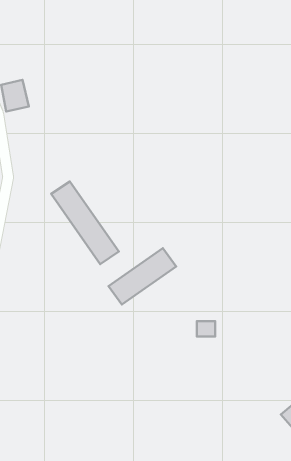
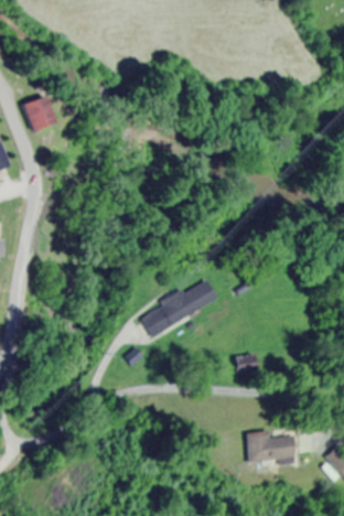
building: [51,181,119,264] -> none
building: none -> [249,430,297,464]

